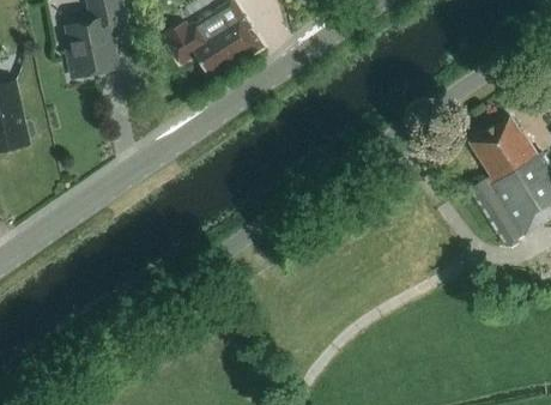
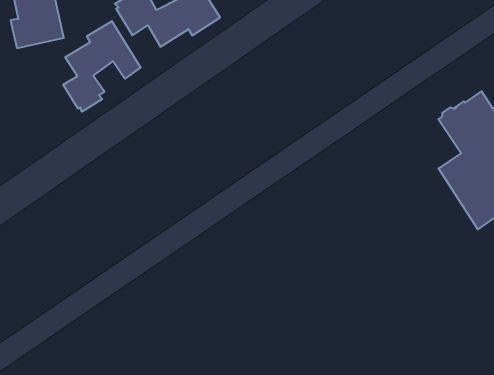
building: none -> [63,21,141,112]

